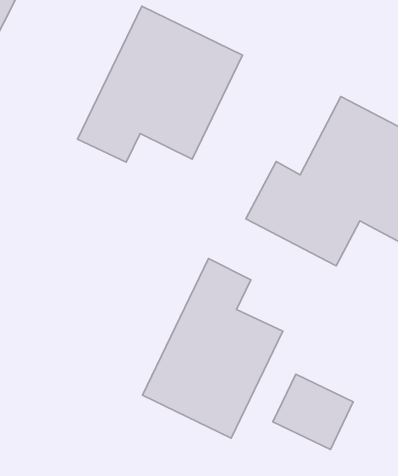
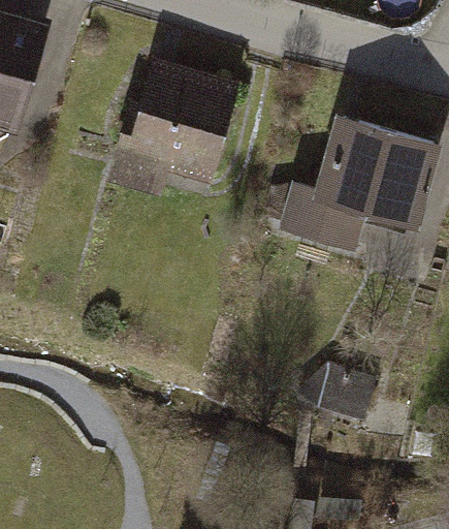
building: [142,259,283,438] -> none

